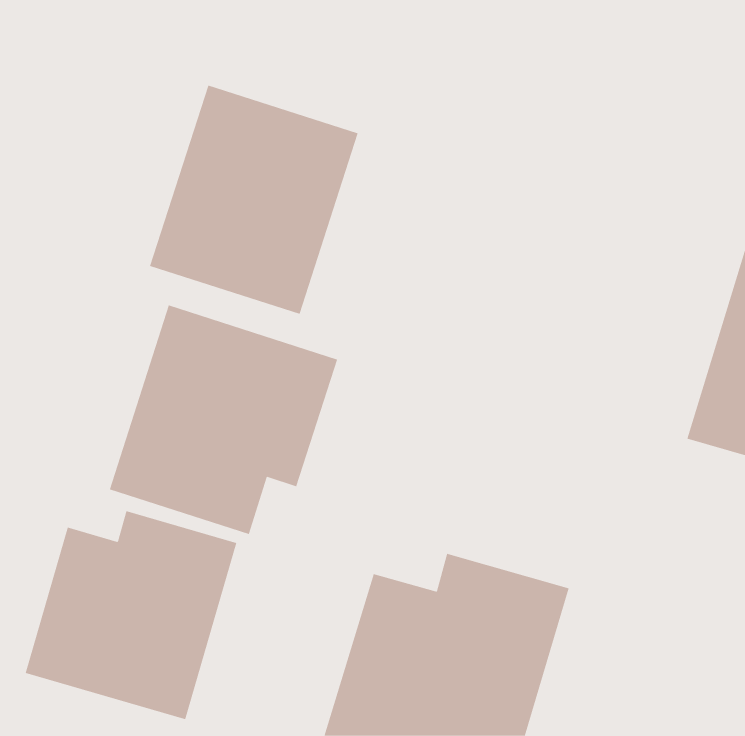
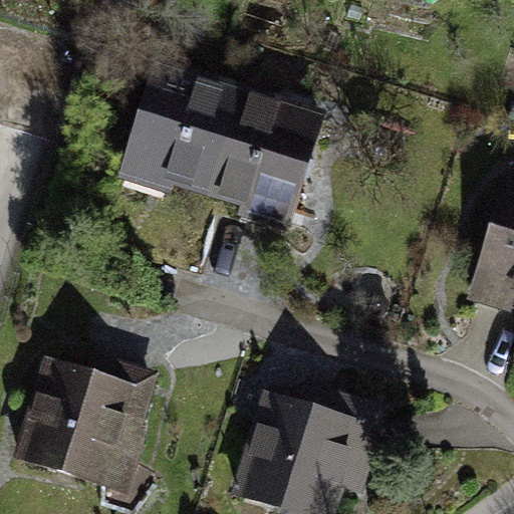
building: none -> [208,91,323,239]
building: [109,305,338,535] -> none

